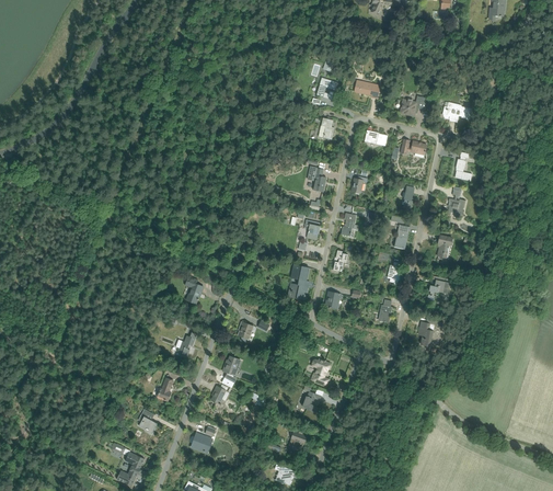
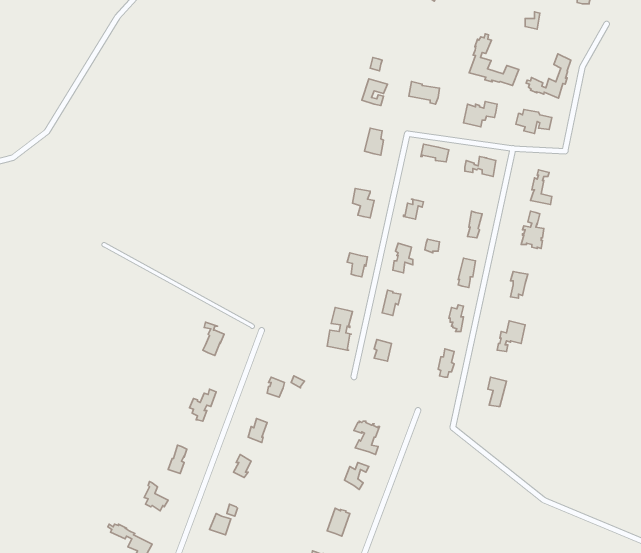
building: none -> [469,34,519,85]
building: none -> [526,54,571,98]

